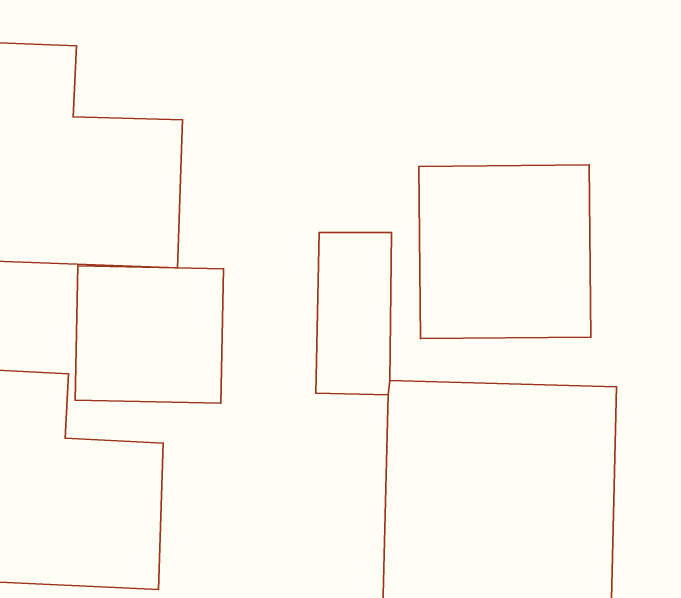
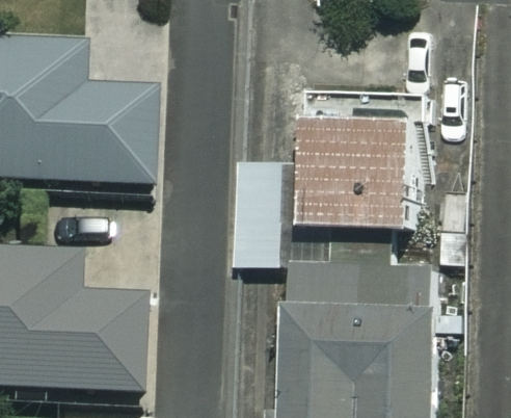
building: [75,266,224,403] -> none

